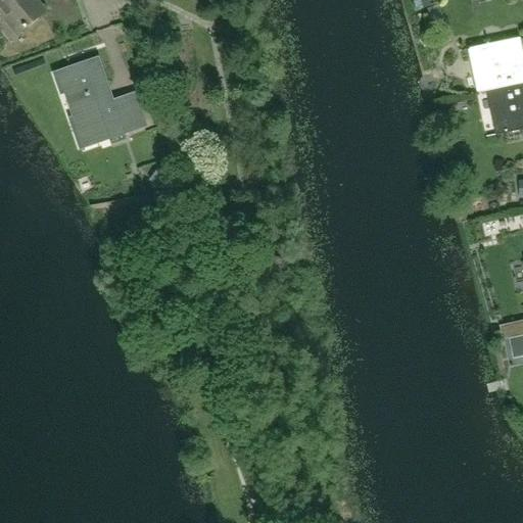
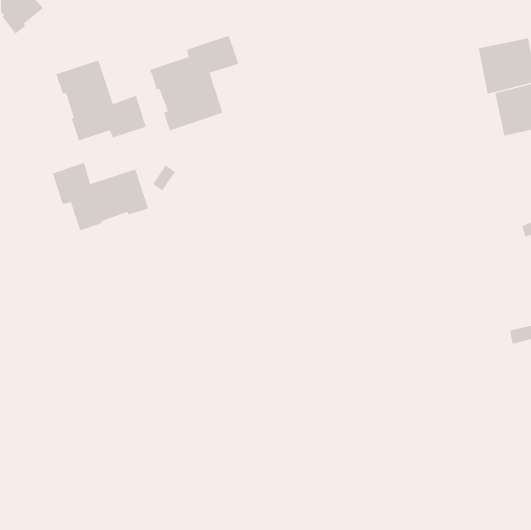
building: none -> [149,35,239,131]
building: none -> [52,162,149,232]

